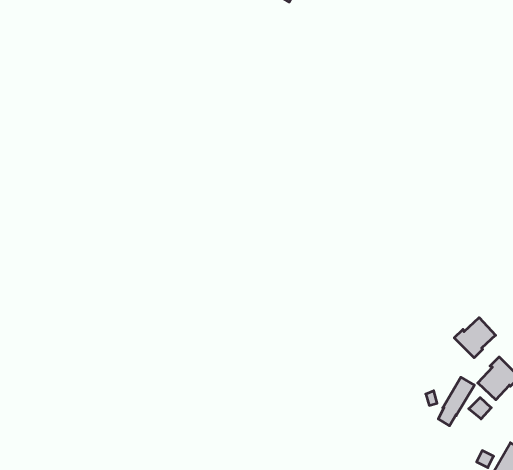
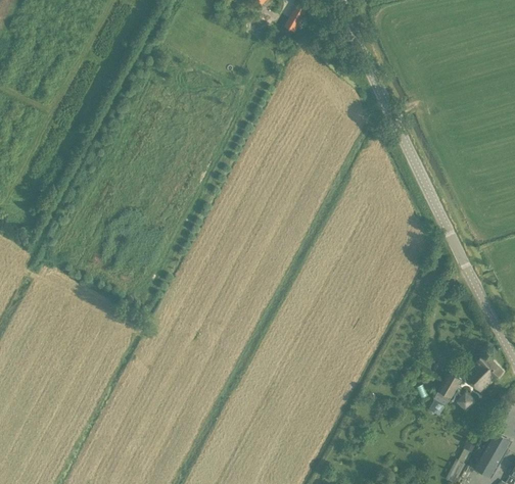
building: [454,318,496,358] -> none

